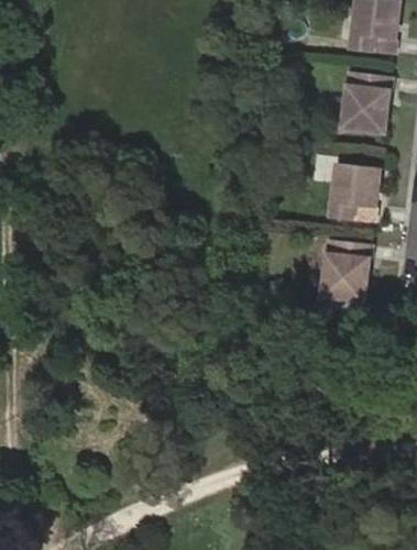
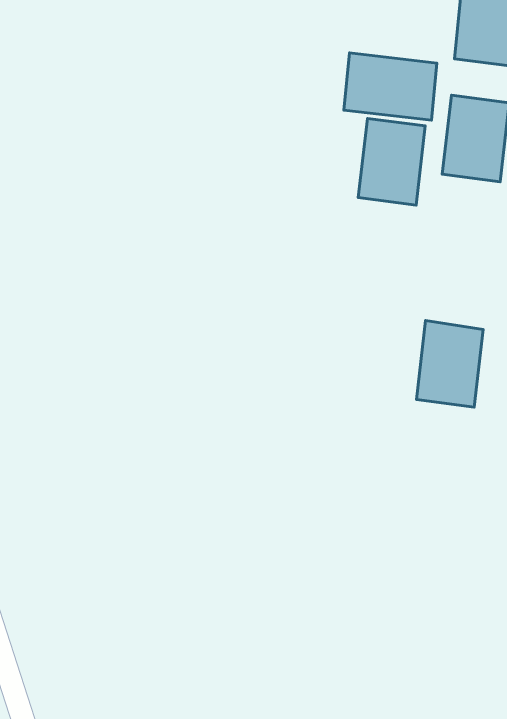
building: none -> [344,53,437,120]
building: [332,158,381,221] -> [358,118,425,205]

